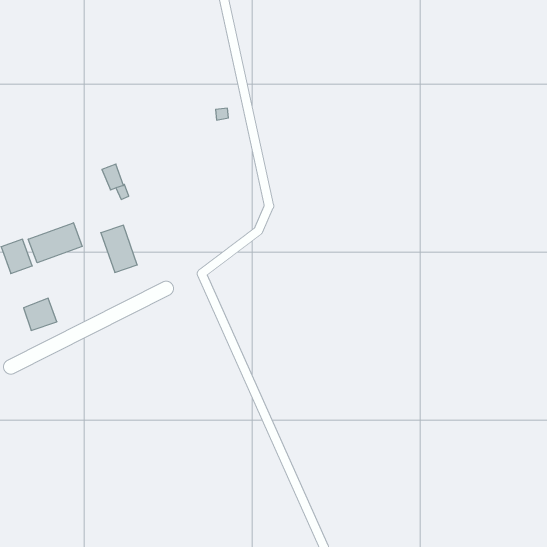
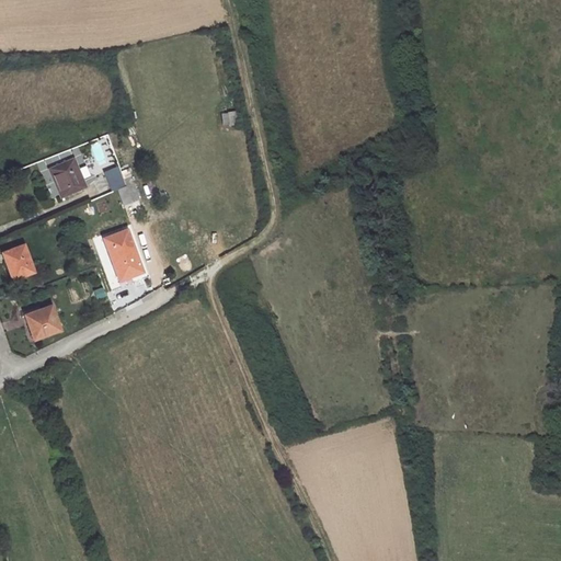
building: none -> [50,156,85,195]
building: [28,223,82,263] -> none

